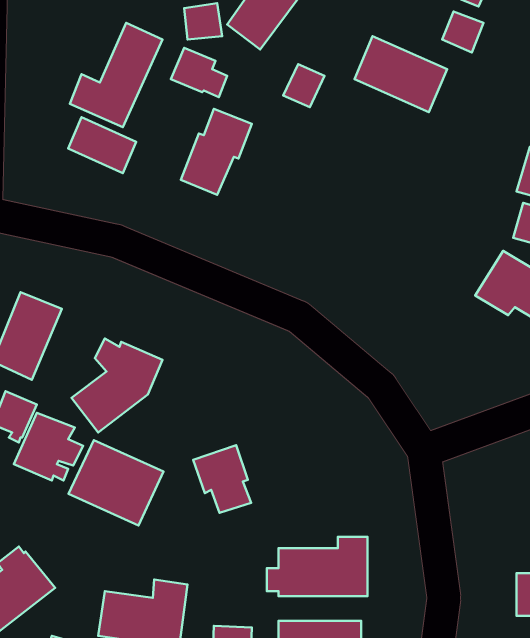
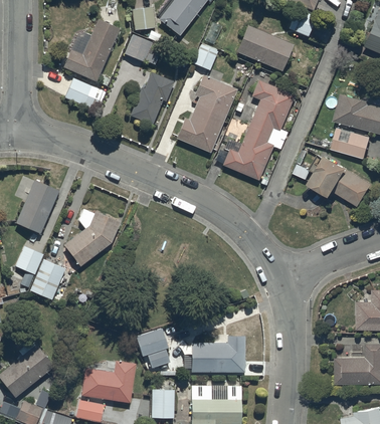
building: none -> [174,76,235,154]
building: none -> [222,82,294,181]
building: [69,440,164,525] -> none
building: [193,445,251,513] -> [134,326,169,367]

